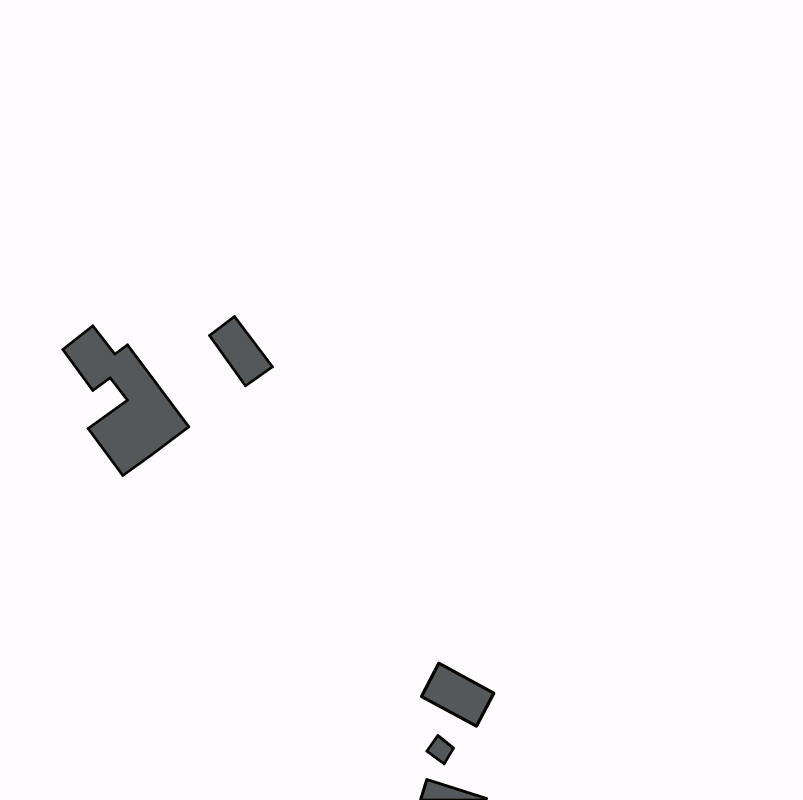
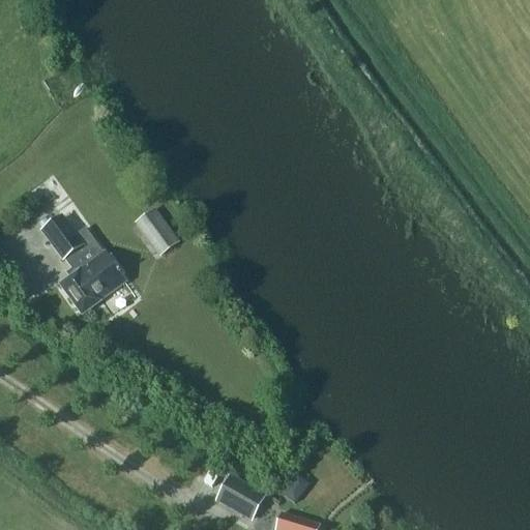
building: [422,663,494,726] -> [217,476,265,518]

